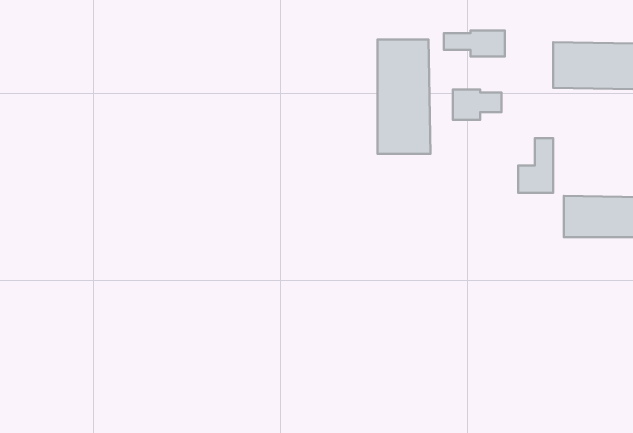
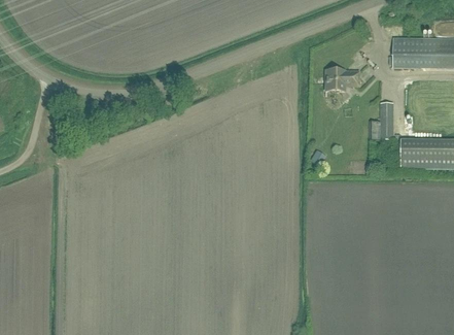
building: [444,30,505,56] -> none
building: [377,39,431,154] -> none

